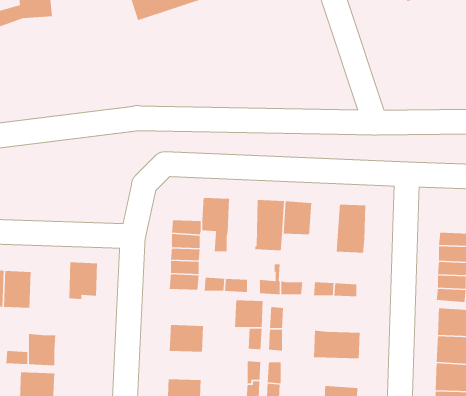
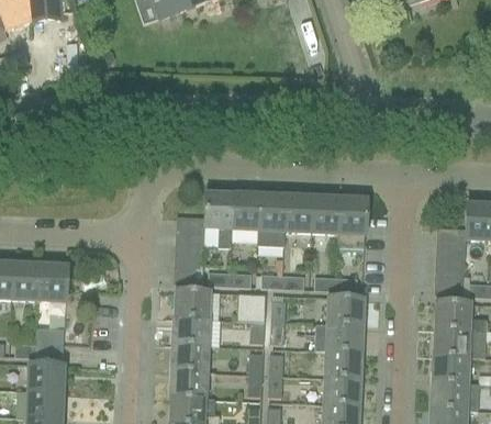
building: none -> [231,194,259,241]
building: none -> [311,199,339,232]
building: [68,262,98,300] -> [38,266,67,303]
building: none -> [175,290,209,319]
building: none -> [327,297,361,325]
building: none -> [172,344,207,371]
building: none -> [325,350,359,379]

